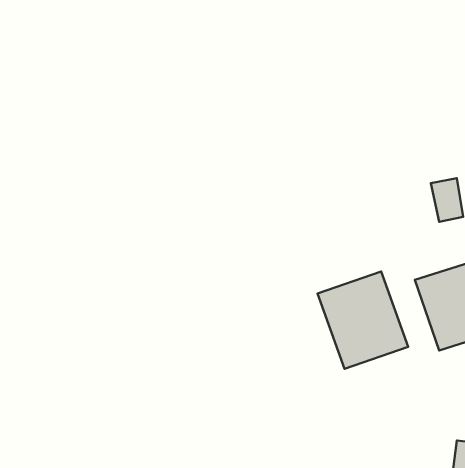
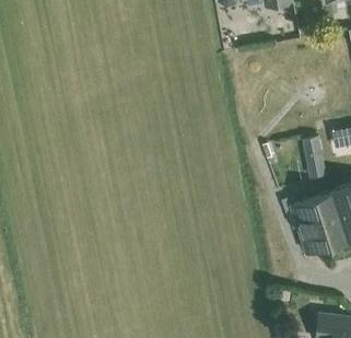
building: [317,272,408,369] -> none

